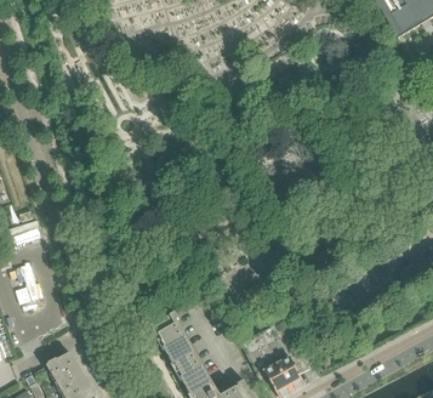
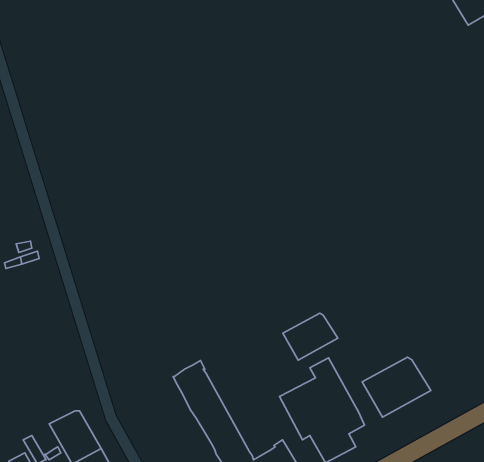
building: none -> [283,313,338,360]
building: none -> [362,357,431,417]

